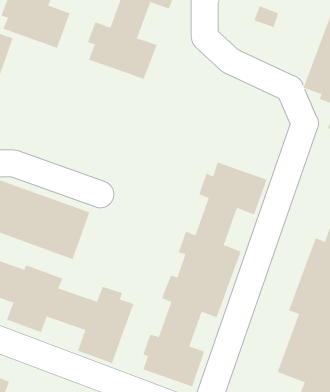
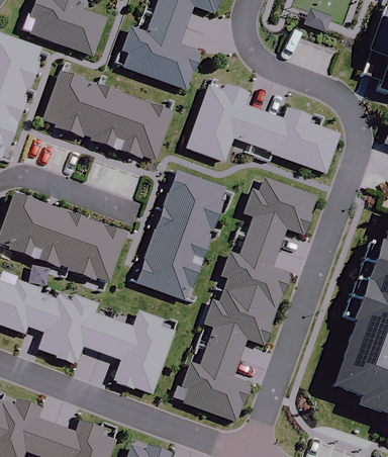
building: none -> [39,71,165,166]
building: none -> [187,83,338,171]
building: none -> [136,169,225,297]

